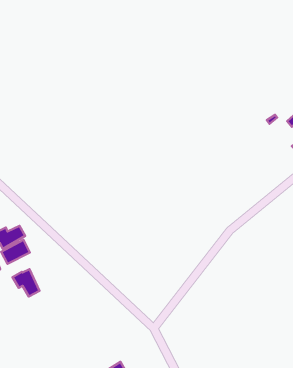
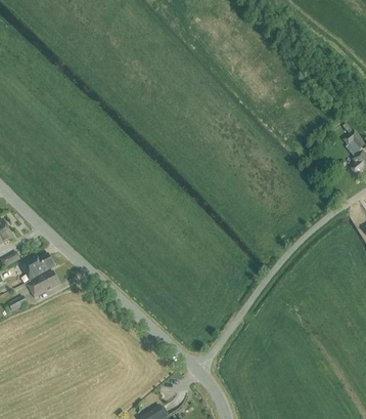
building: [12,269,40,296] -> none

